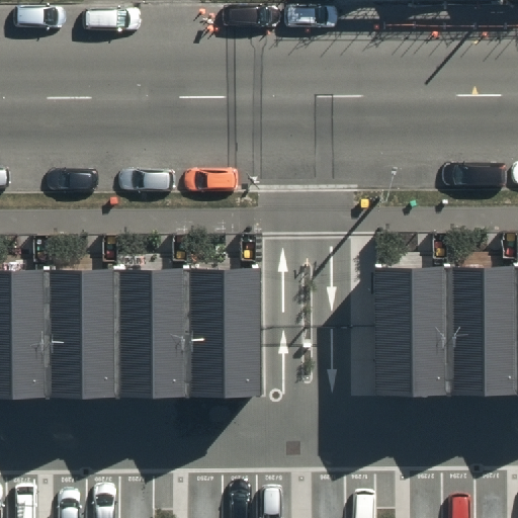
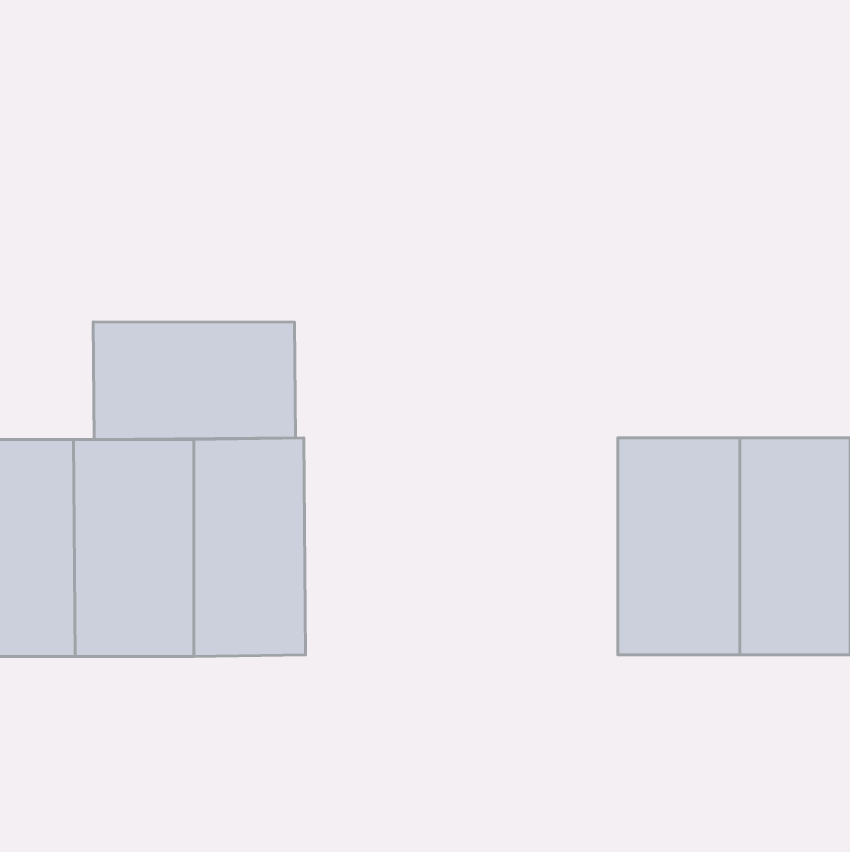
building: none -> [93,322,295,439]
building: [184,266,260,398] -> none

